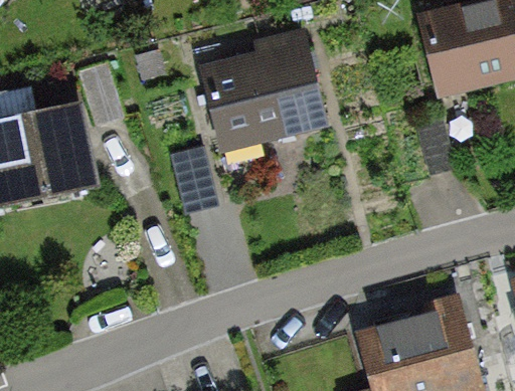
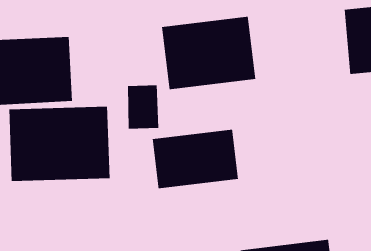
building: none -> [9,106,110,182]
building: none -> [152,129,238,189]

